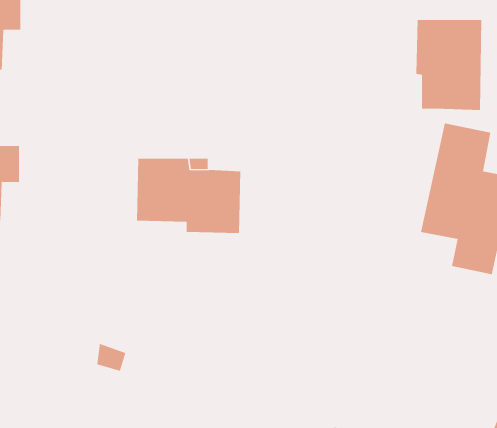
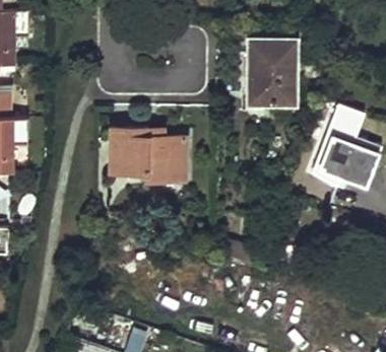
building: [415,20,482,111] -> [249,39,297,103]

